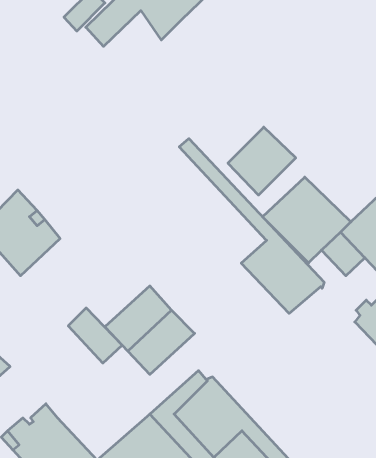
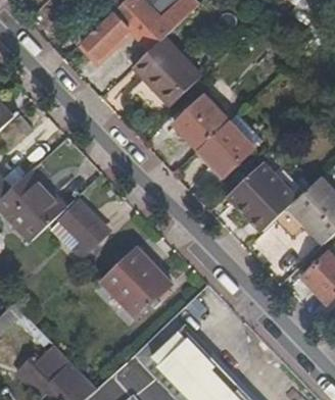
building: none -> [131,37,197,105]
building: none -> [173,97,226,151]
building: [179,139,324,313] -> none
building: [68,308,122,363] -> [61,206,104,250]

